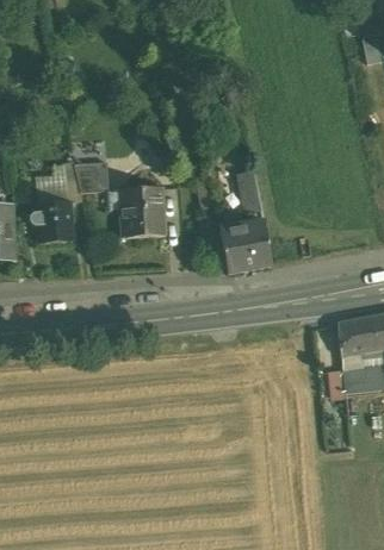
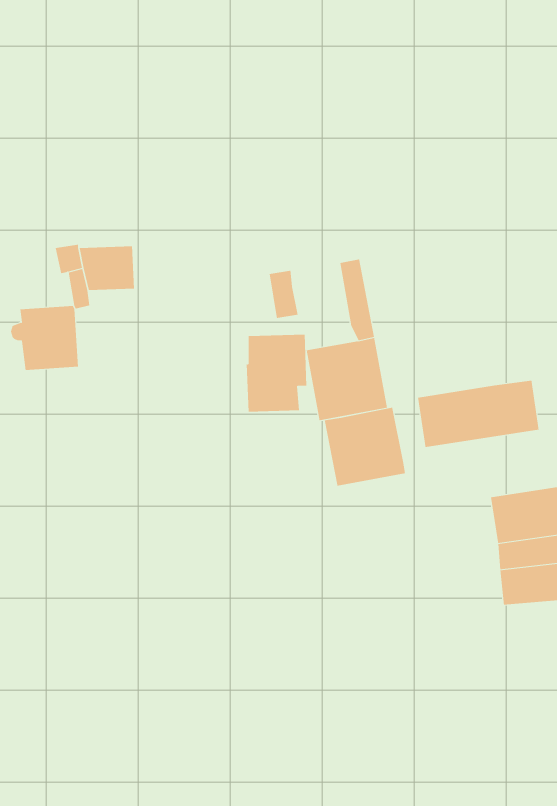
building: [123,185,162,235] -> [246,334,307,412]
building: none -> [418,380,539,448]
building: none -> [324,407,406,487]

